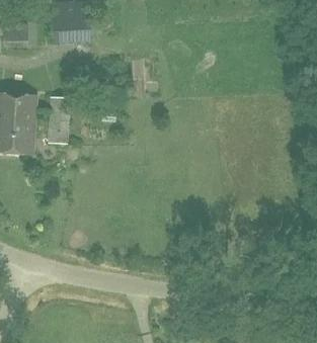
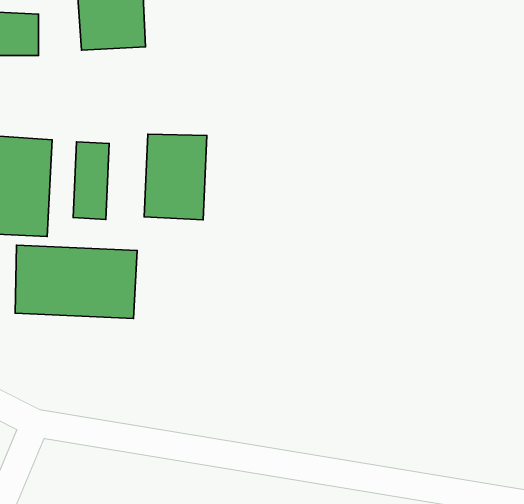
building: none -> [144,134,207,220]
building: none -> [15,245,137,318]

